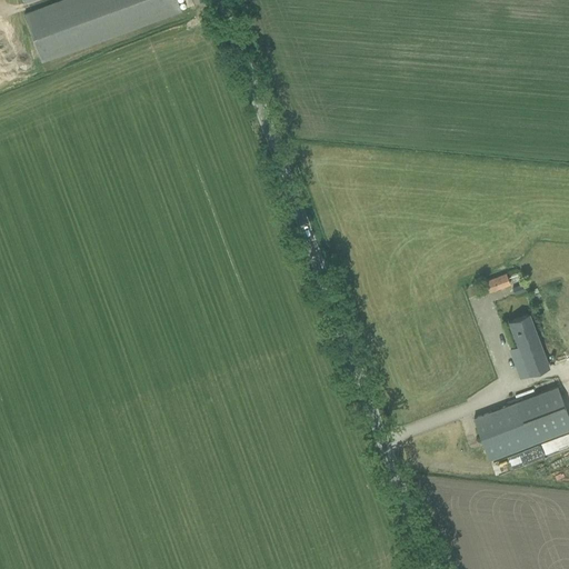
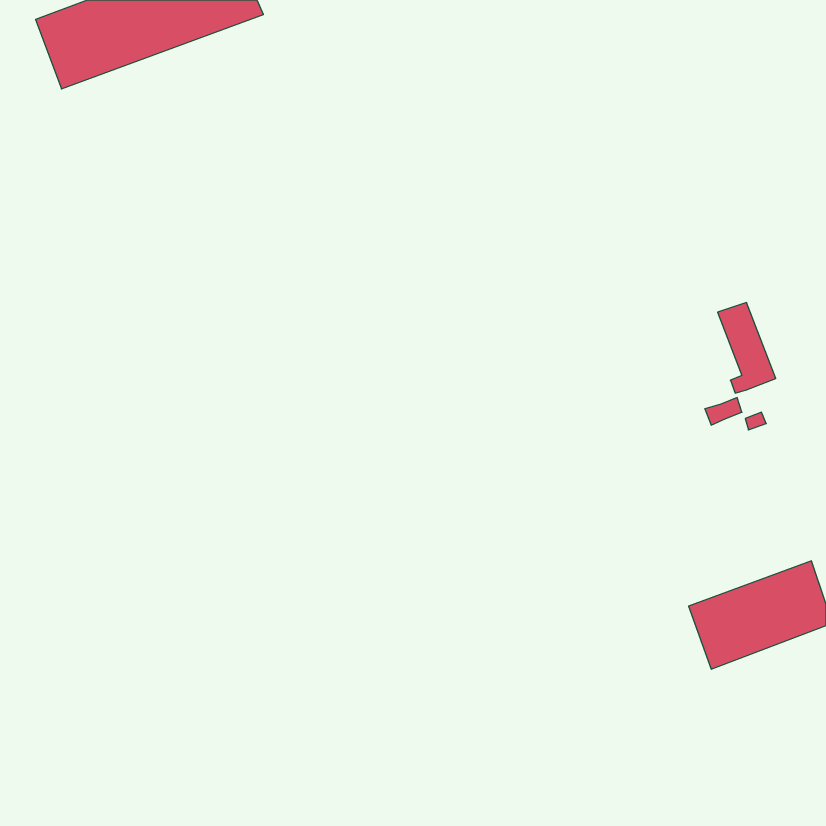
building: [509,315,549,377] -> [718,303,776,393]

